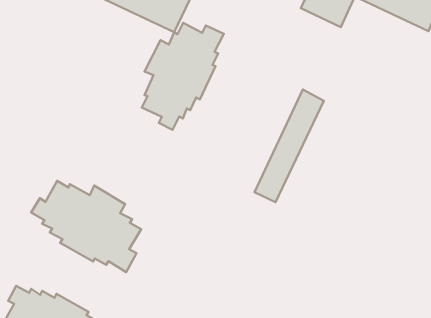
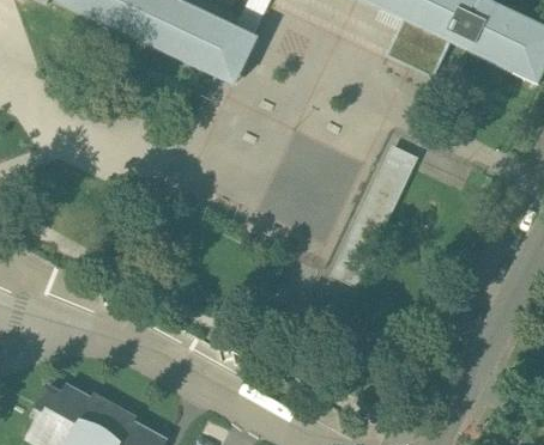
building: [142,23,224,130] -> none
building: [31,181,141,272] -> none

